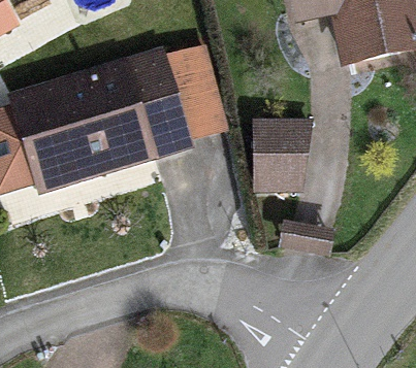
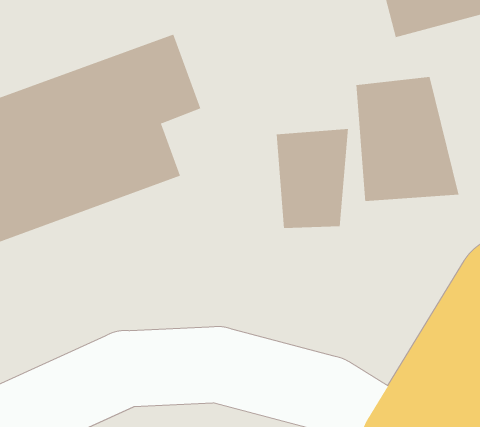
building: none -> [356,76,459,202]

